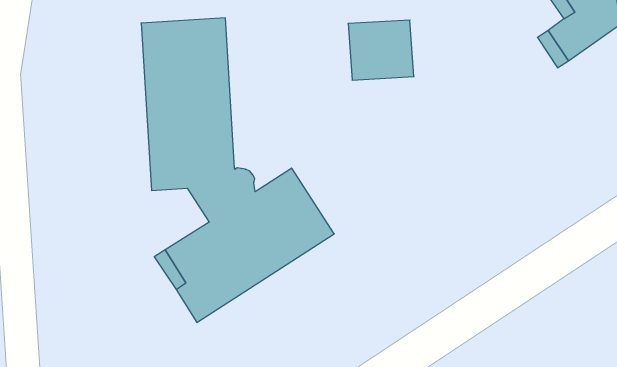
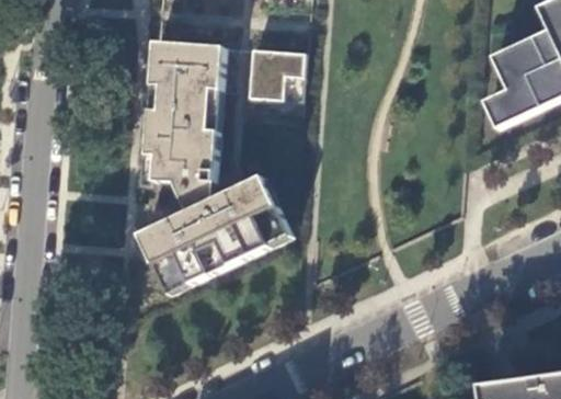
building: [348,20,414,80] -> [249,50,304,102]

